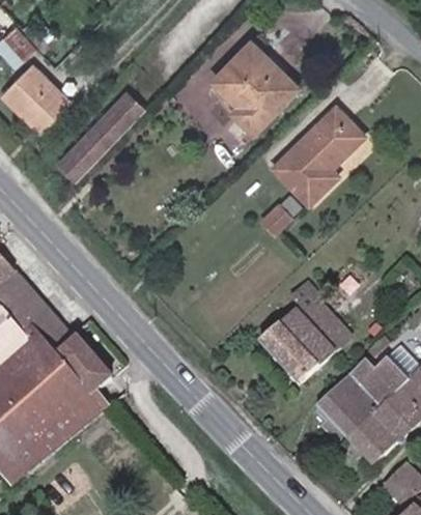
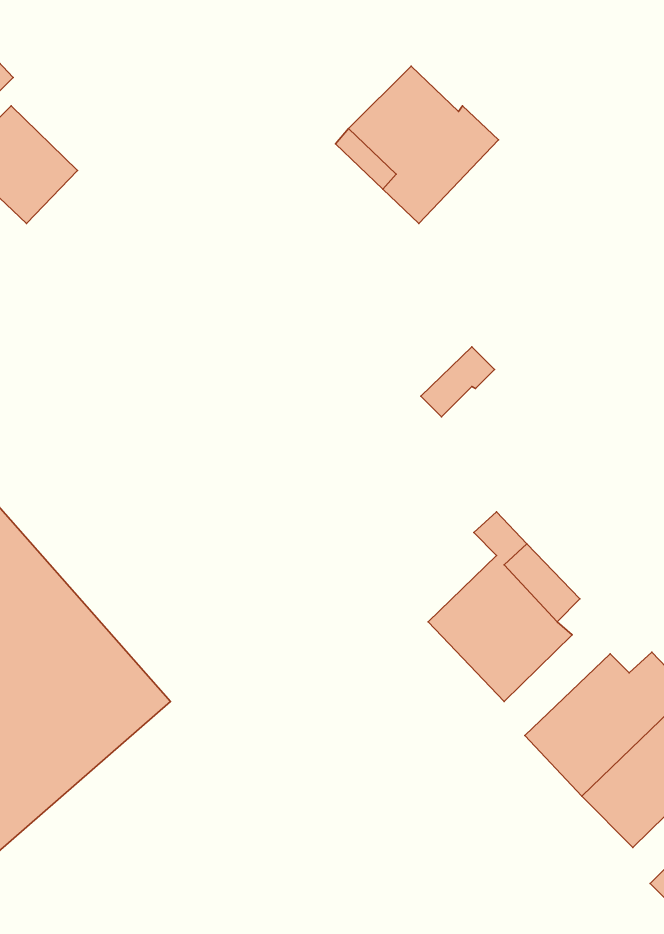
building: [53,89,144,180] -> none
building: [275,104,365,202] -> none

